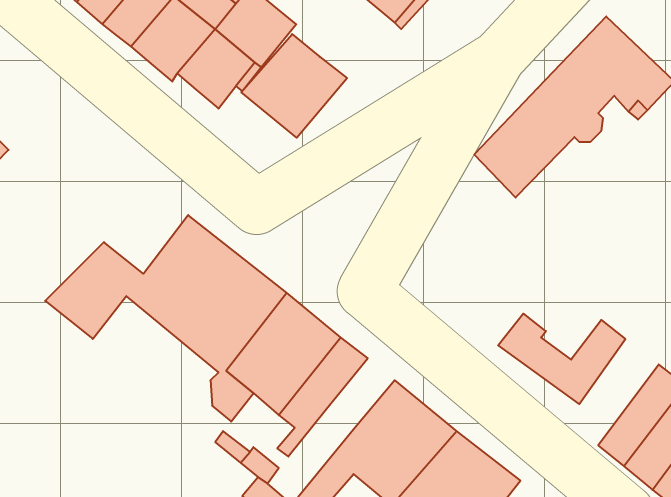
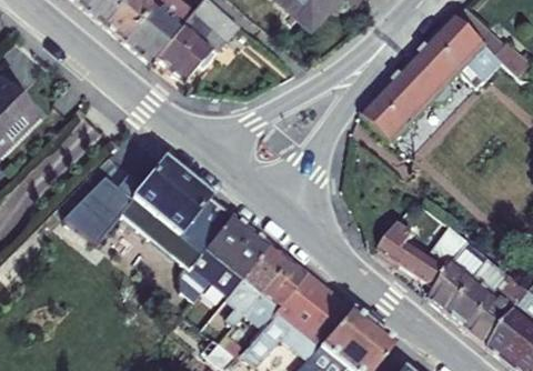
building: [241,34,347,138] -> none
building: none -> [429,243,492,318]
building: none -> [260,257,308,307]

